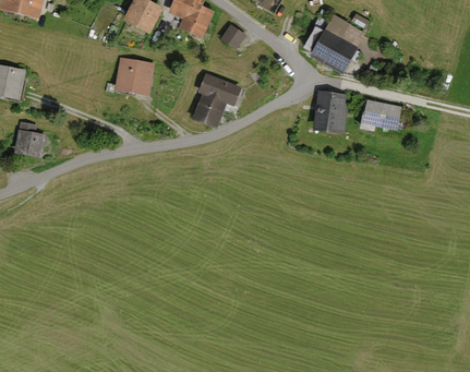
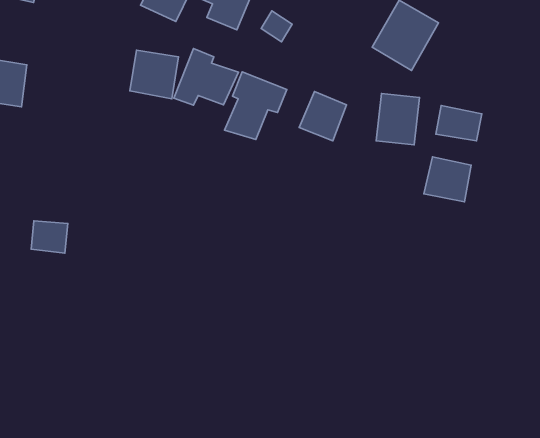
building: none -> [174,49,239,105]
building: none -> [299,92,346,141]
building: [21,131,50,157] -> [31,221,68,253]
building: none -> [424,157,471,202]

